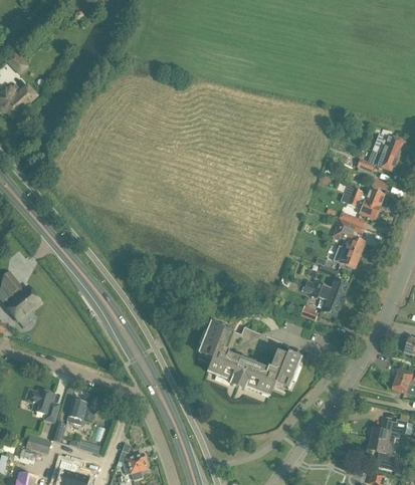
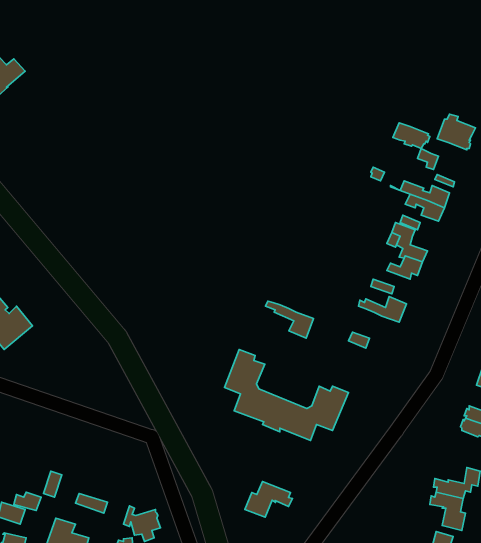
building: [368,150,398,171] -> [393,123,430,149]
building: [302,285,342,315] -> [265,301,313,338]
building: [26,389,57,421] -> none
building: [66,399,93,425] -> none
building: none -> [245,481,293,517]

